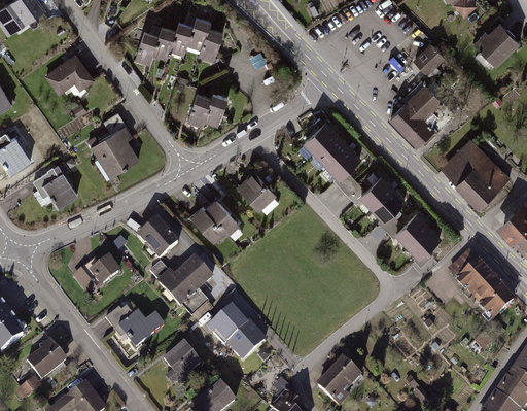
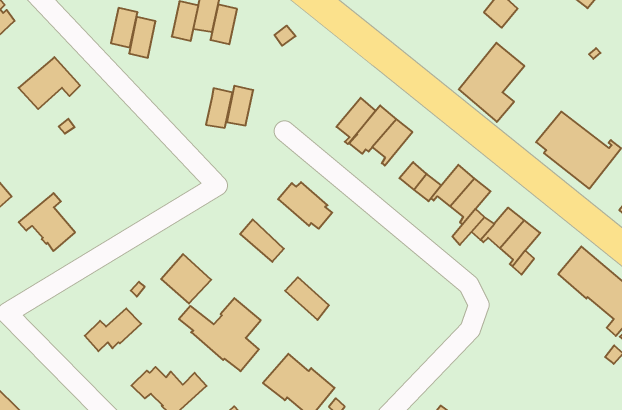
building: [151,26,175,58] -> [111,8,138,48]
building: [91,111,137,175] -> none
building: [326,145,358,180] -> [336,98,375,144]
building: [190,206,223,241] -> [285,277,329,320]

